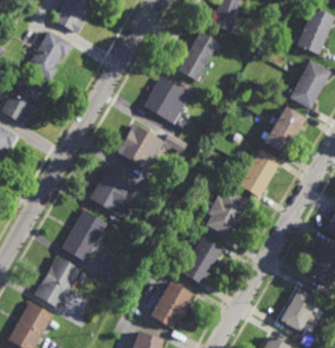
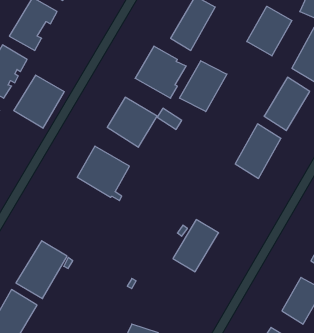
building: none -> [247,6,292,56]
building: none -> [180,61,227,112]
building: none -> [14,75,64,128]
building: [203,189,247,239] -> none
building: [62,209,109,263] -> none
building: [152,284,191,332] -> none

